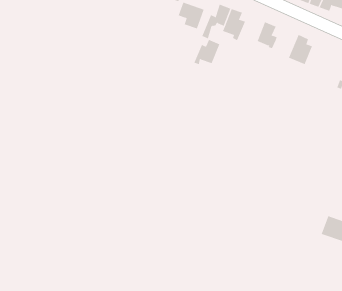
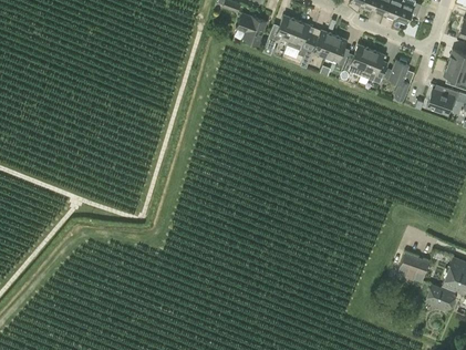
building: none -> [342,45,372,76]
building: [194,39,220,65] -> [304,30,334,59]
building: none -> [384,59,410,105]

